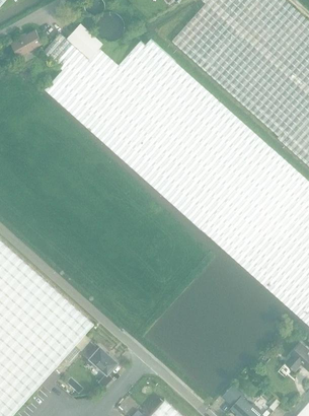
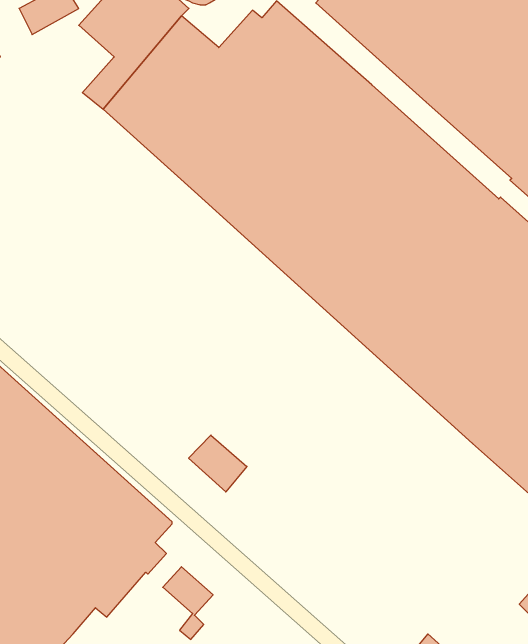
building: none -> [189,435,247,492]

